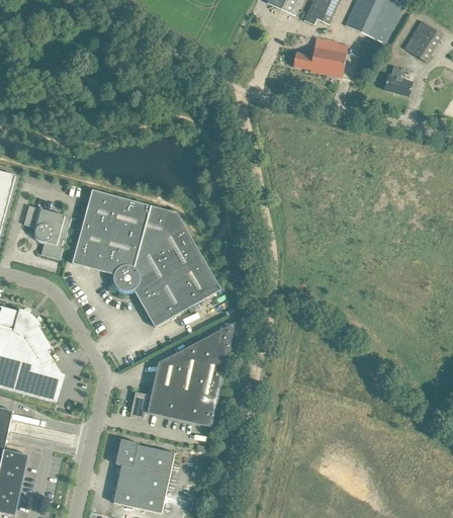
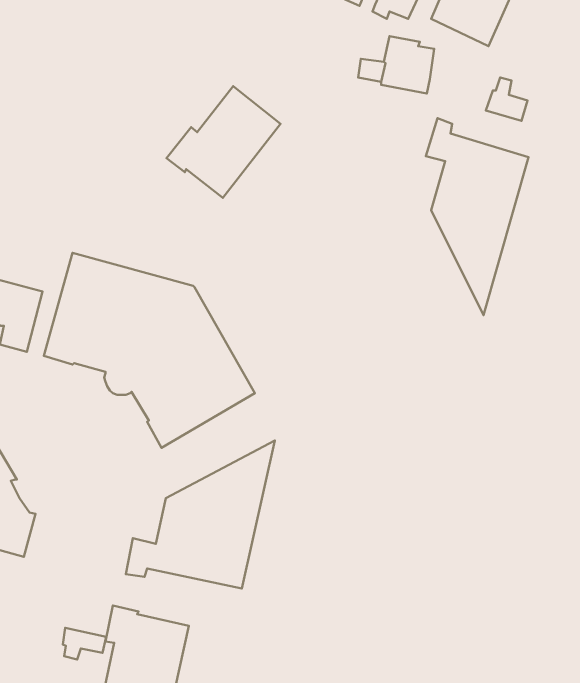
building: [403,21,442,62] -> none
building: none -> [166,86,281,198]
building: none -> [426,118,529,315]
building: none -> [63,628,106,659]

